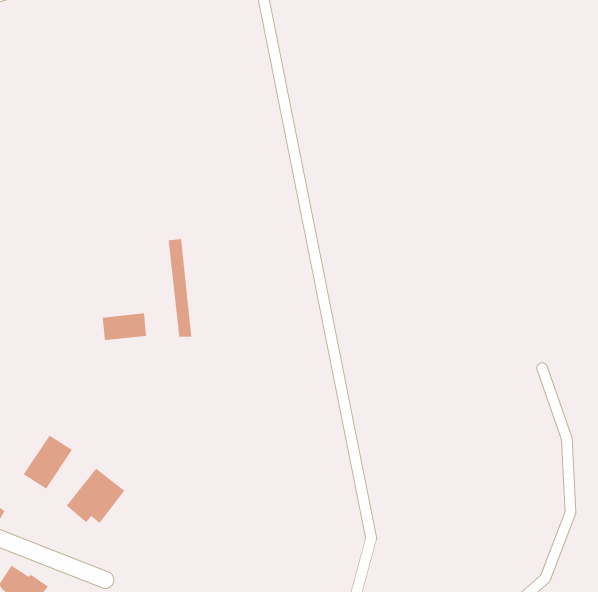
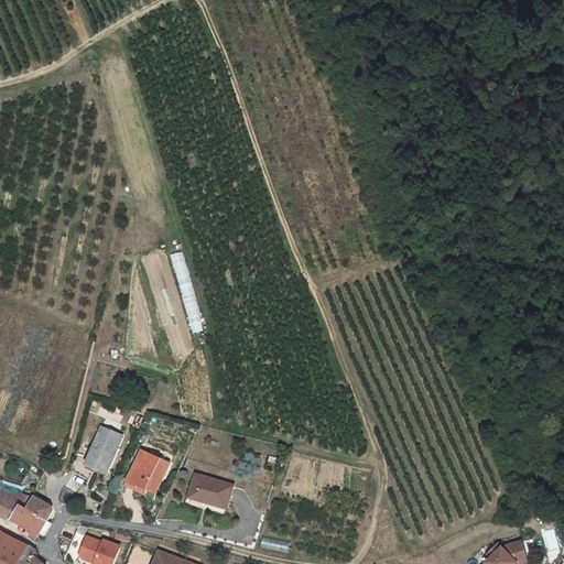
building: [102,313,147,341] -> none
building: none -> [182,477,228,516]

